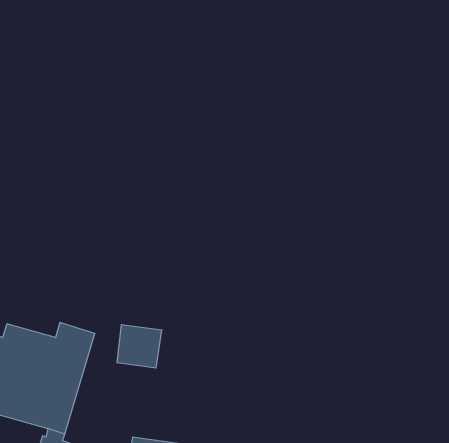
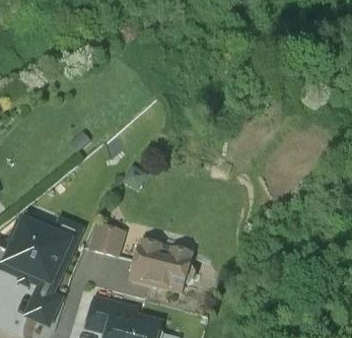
building: none -> [131,241,196,292]

